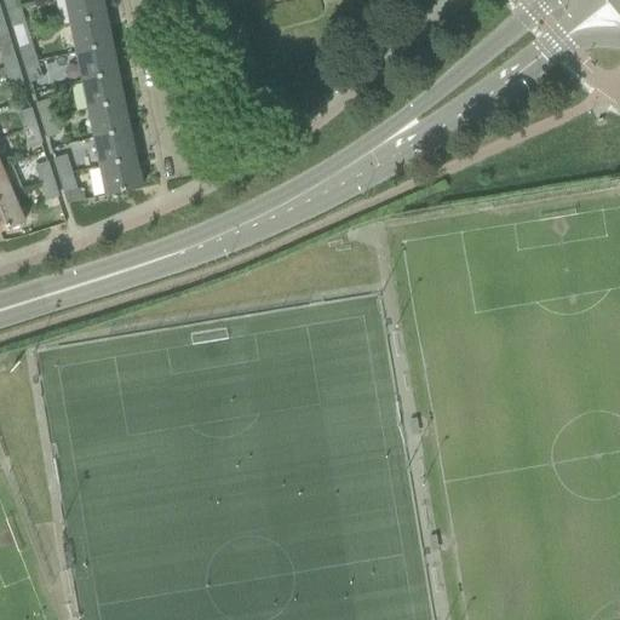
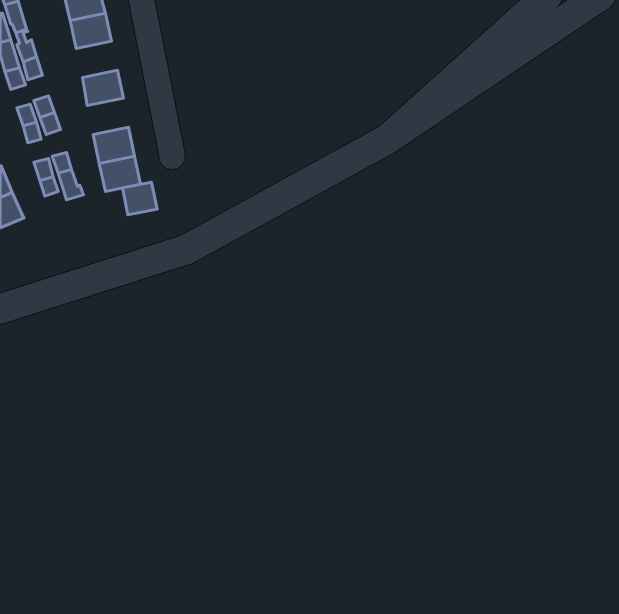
building: [76,41,117,78] -> none
building: [87,98,128,134] -> none
building: none -> [122,182,157,215]

